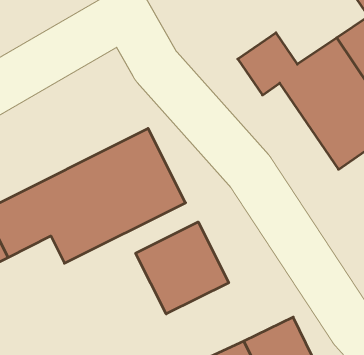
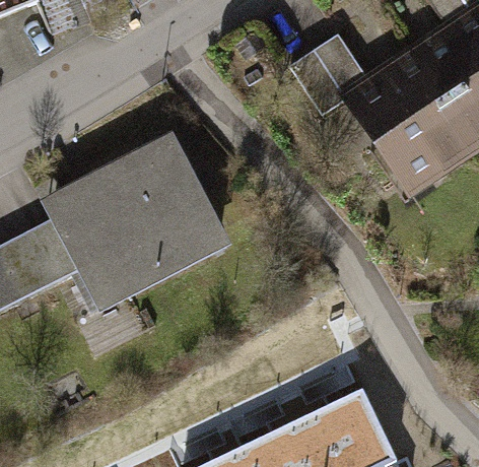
building: [136,222,229,314] -> none

